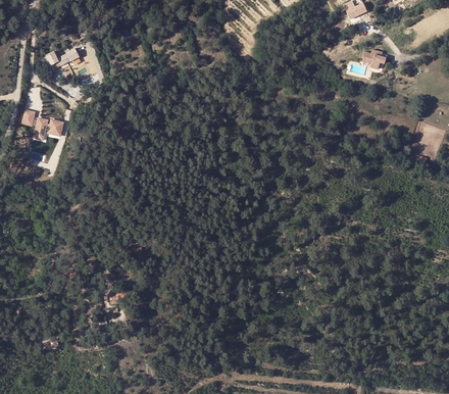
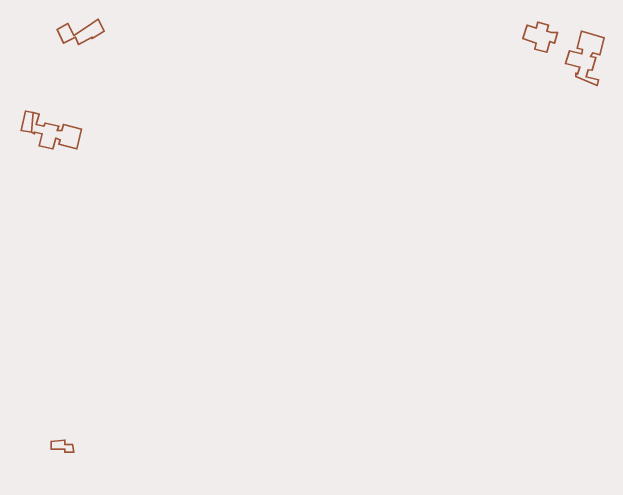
building: none -> [566,31,604,85]

